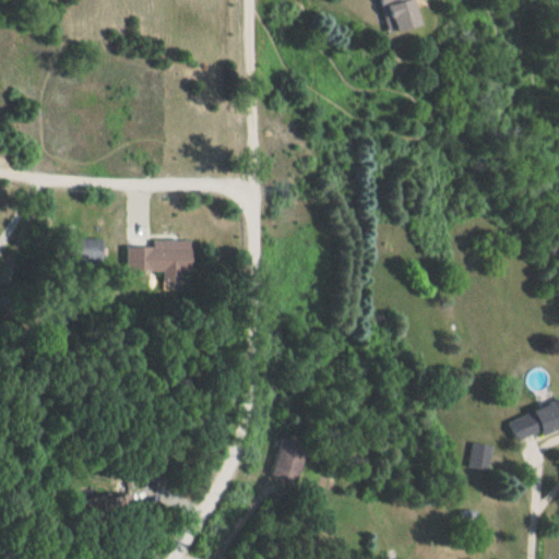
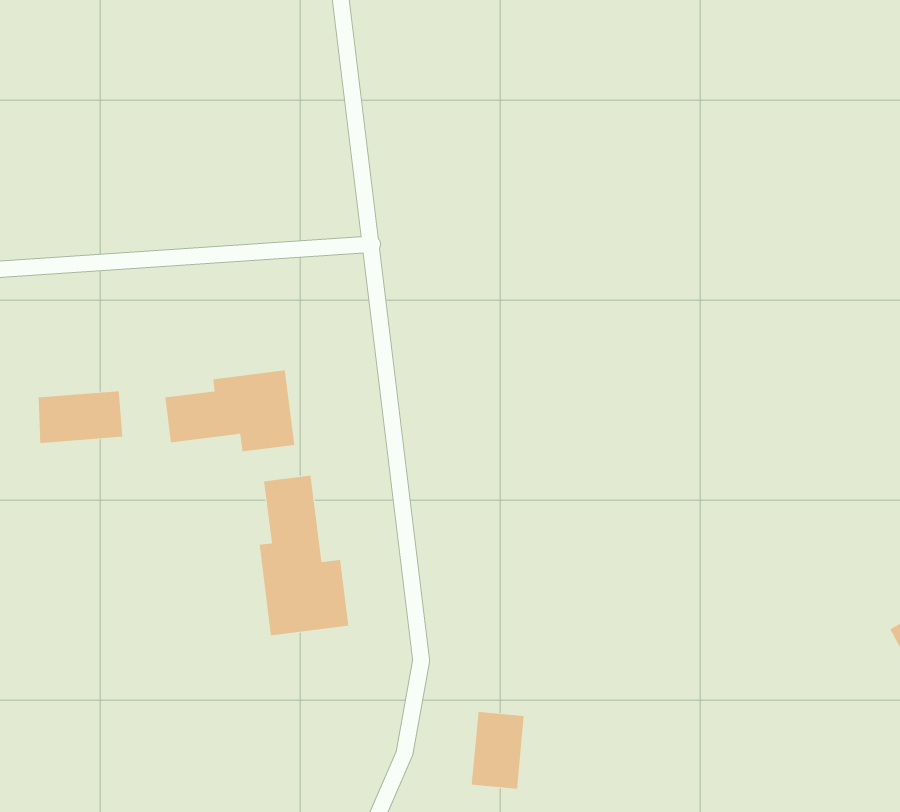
building: none -> [259,475,349,636]
building: [475,445,495,471] -> none

